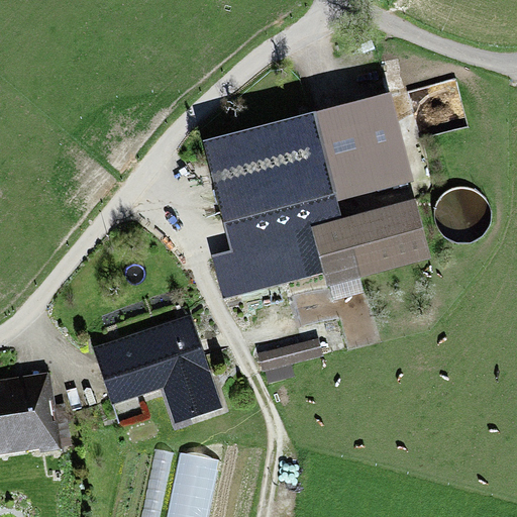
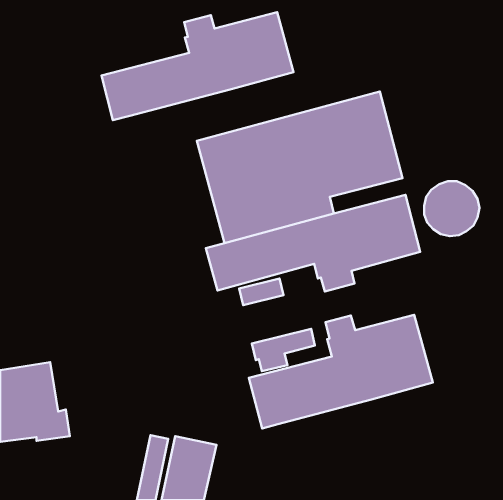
building: none -> [101,12,294,120]
building: [93,314,222,423] -> none
building: none -> [249,315,433,428]

